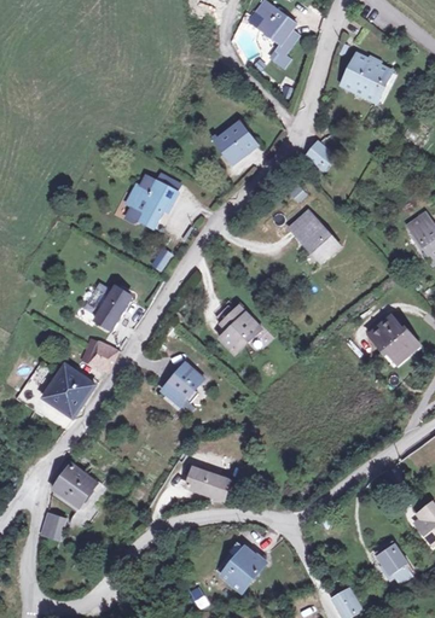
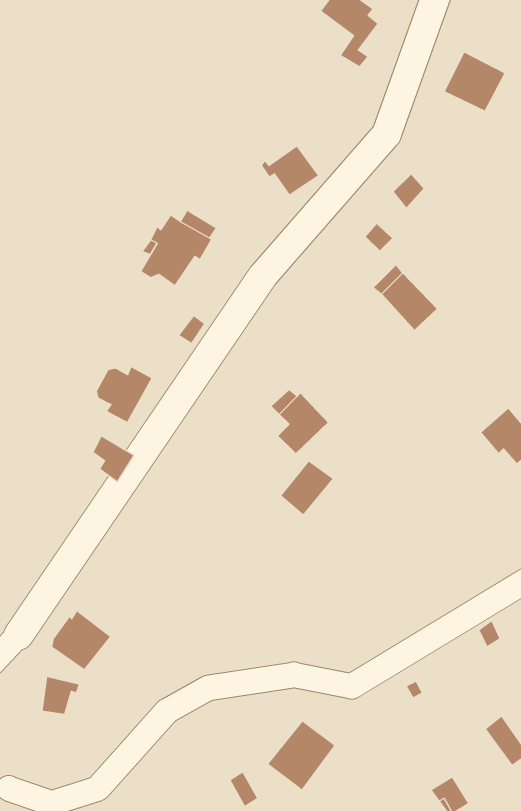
building: [164,362,203,402] -> [281,461,333,515]
building: [45,365,94,414] -> none
building: [192,473,232,500] -> none

